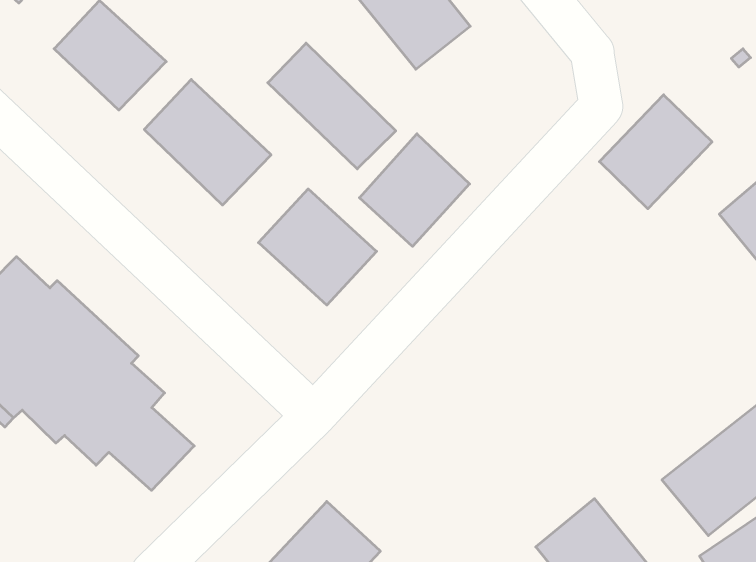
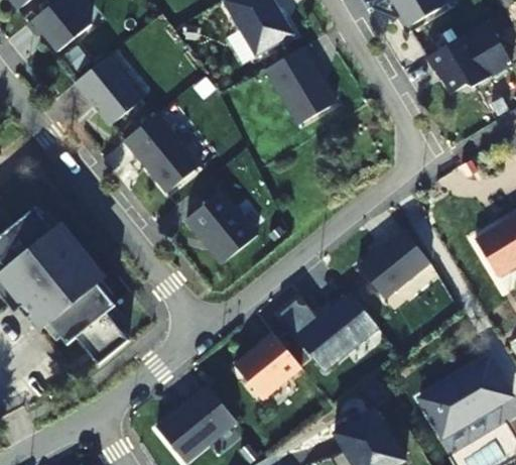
building: [268,43,396,169] -> none
building: [599,95,712,209] -> [359,230,430,300]
building: [359,134,470,246] -> none
building: none -> [277,294,379,373]
building: none -> [236,333,301,399]

